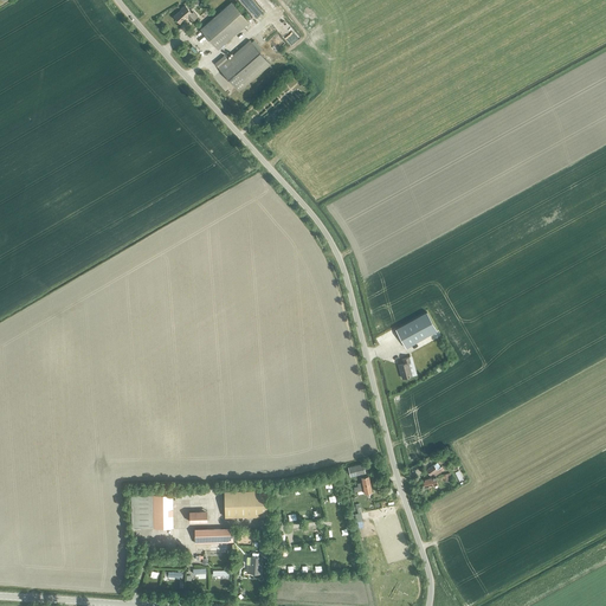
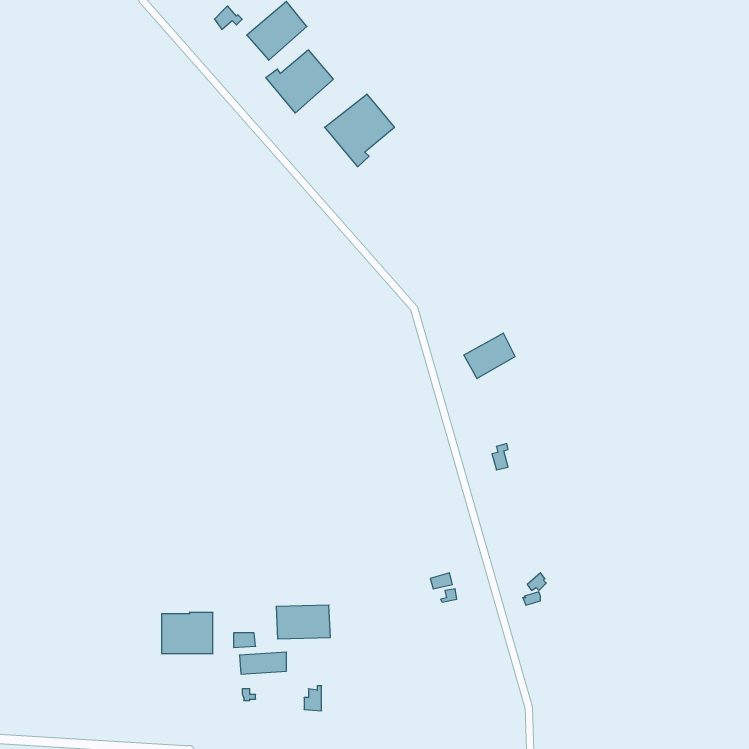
building: none -> [325,94,394,167]
building: [393,314,434,350] -> [464,333,515,379]

